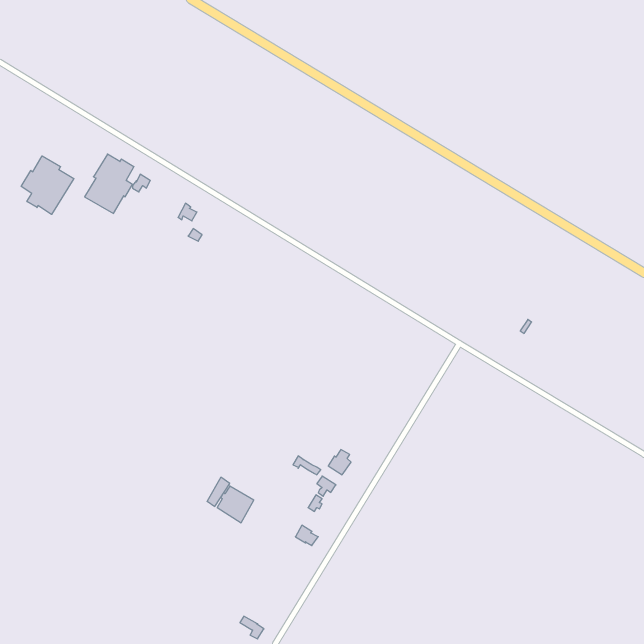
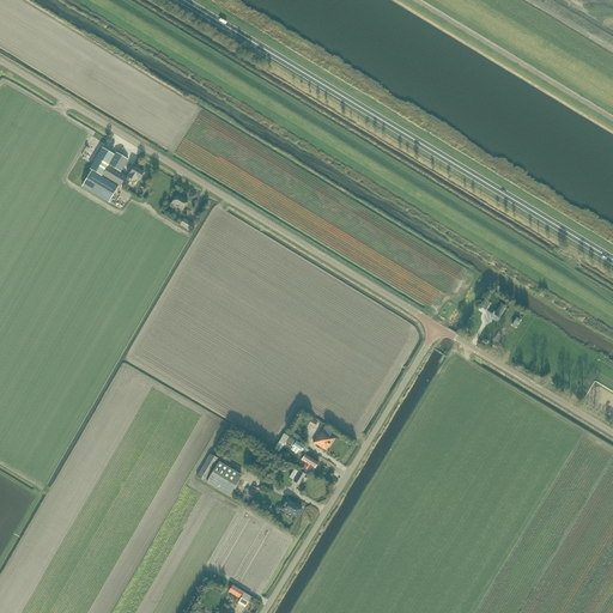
building: [21,156,74,214] -> none

